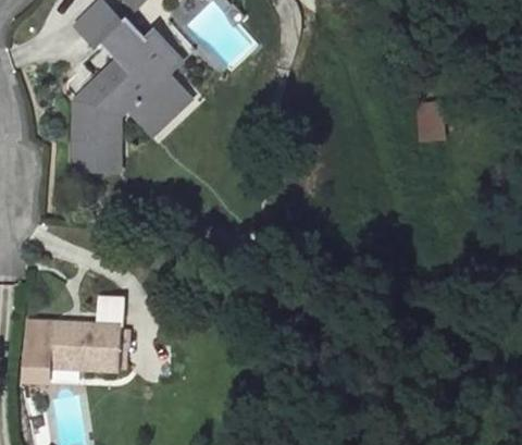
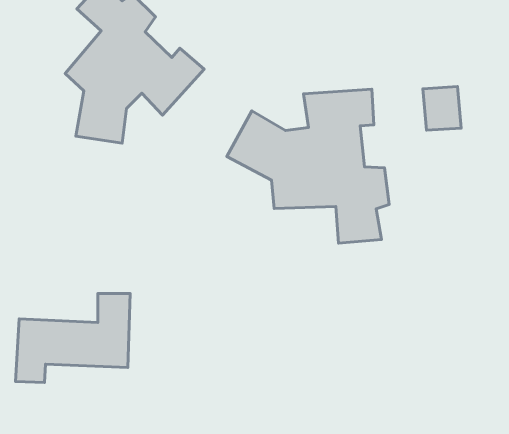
building: none -> [227,89,389,243]
building: [73,149,121,180] -> none

